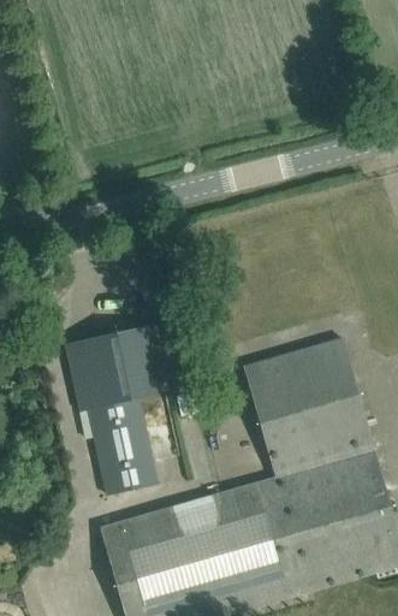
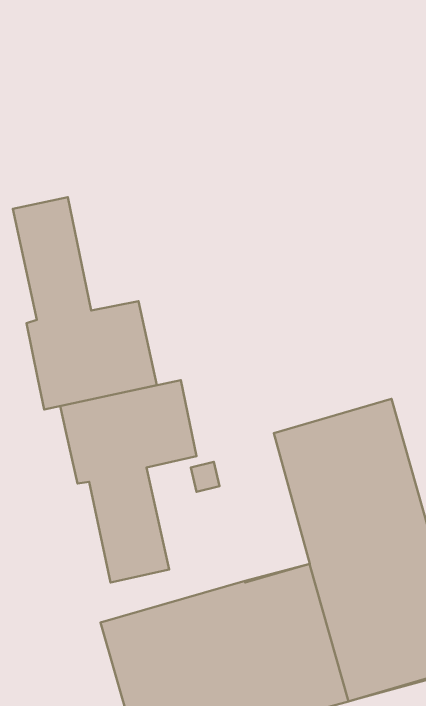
building: none -> [13,197,157,409]

